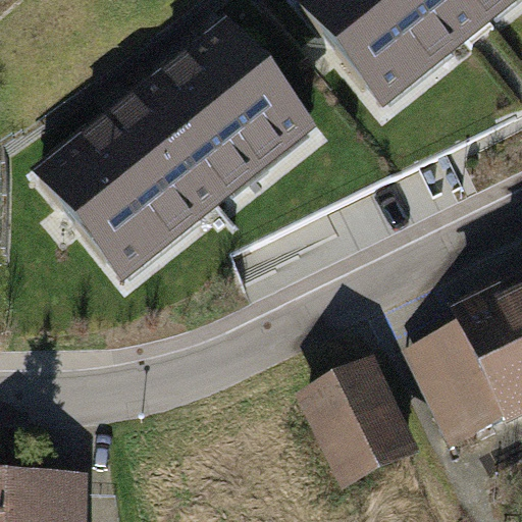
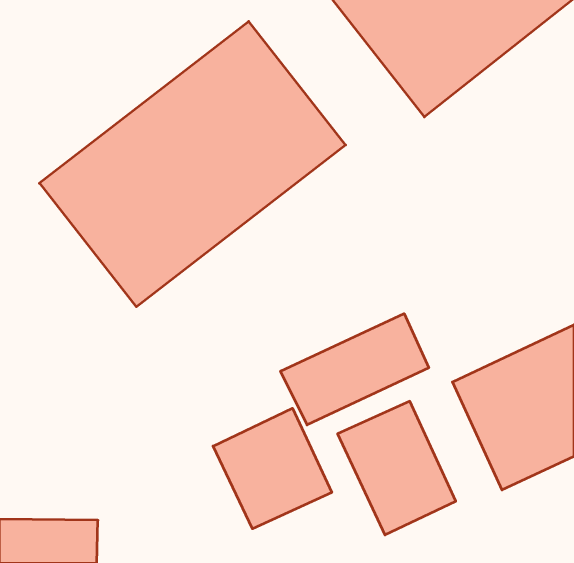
building: none -> [281,314,429,425]
building: none -> [213,408,332,529]

